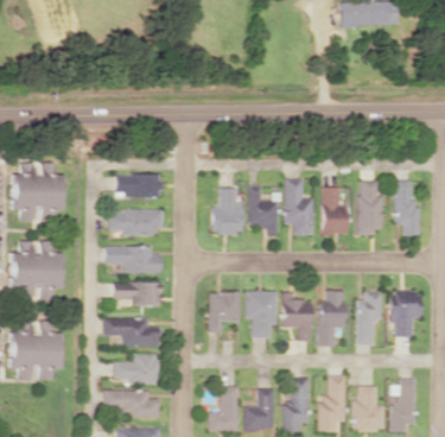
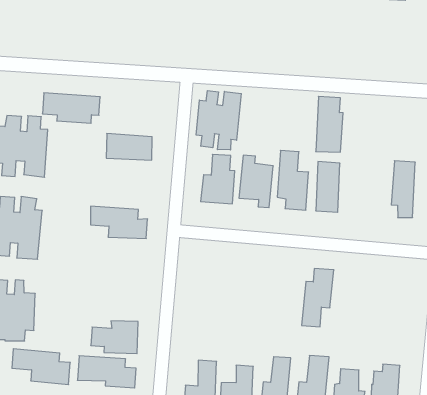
building: none -> [196,91,241,150]
building: [357,180,382,234] -> [316,96,343,152]
building: [109,210,164,236] -> [42,93,100,123]
building: [114,281,161,306] -> none
building: [246,291,276,338] -> none
building: [210,292,240,334] -> none
building: [281,292,311,342] -> none
building: [356,292,381,346] -> none
building: [388,299,419,337] -> none
building: [104,317,160,348] -> [12,349,70,385]

